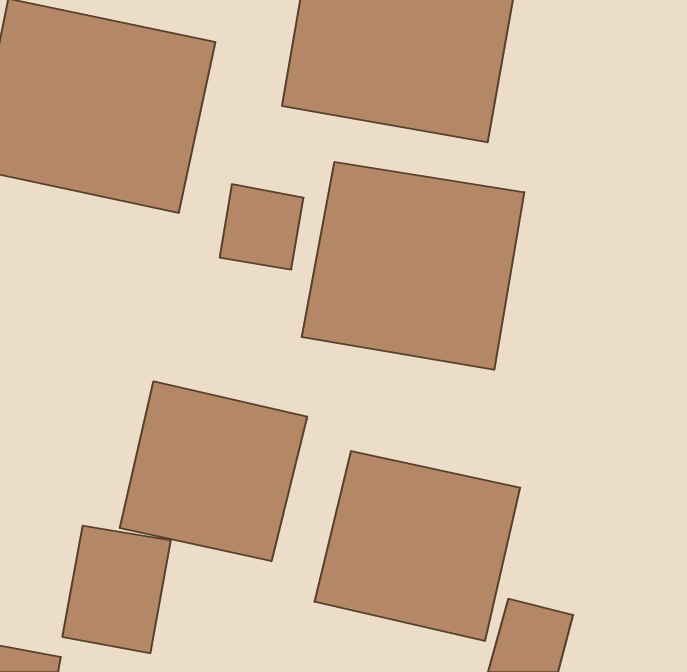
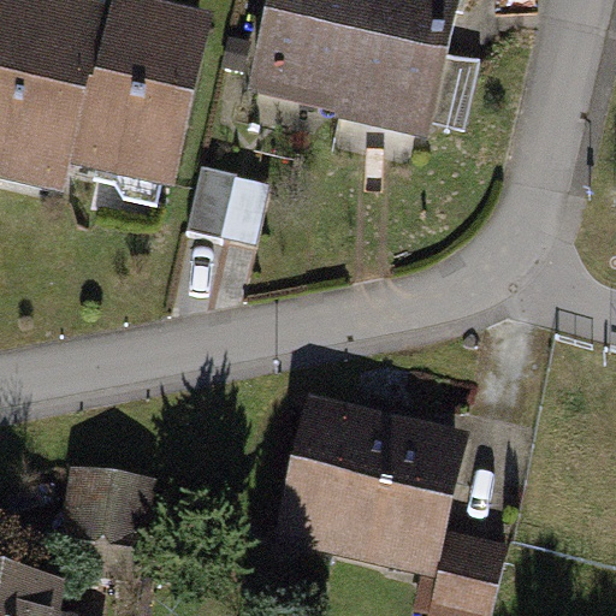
building: [302,162,524,370] -> none
building: [120,381,307,561] -> none

